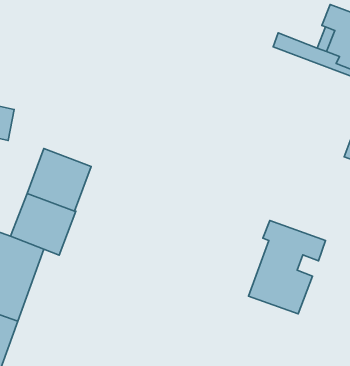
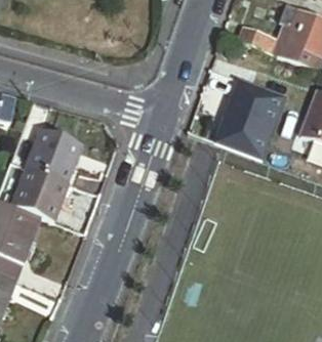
building: [249,221,325,314] -> [218,79,285,160]

